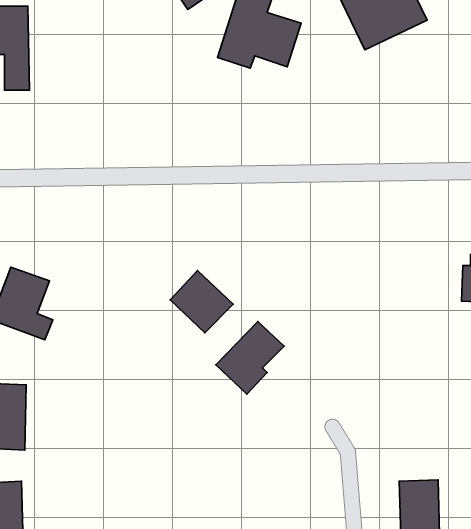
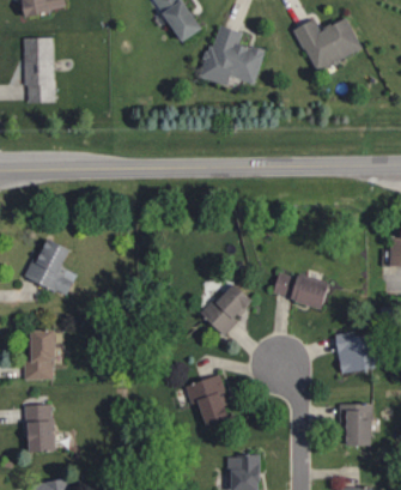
building: [170,270,233,333] -> none
building: none -> [273,271,333,310]
building: none -> [333,329,370,375]
building: none -> [189,375,229,427]

